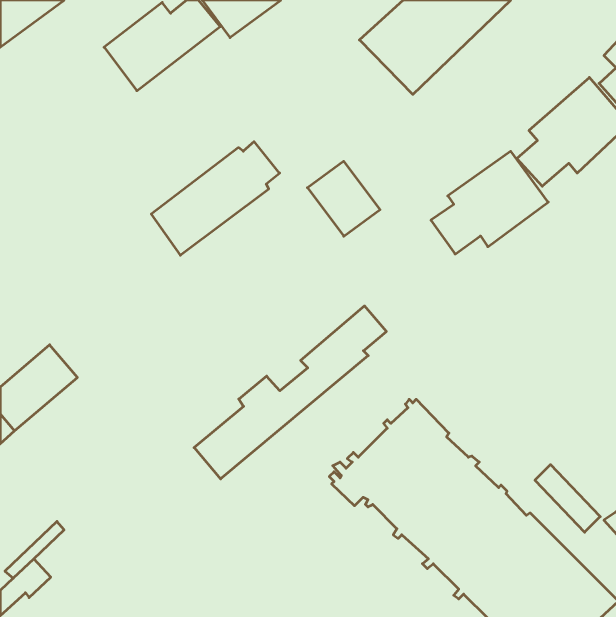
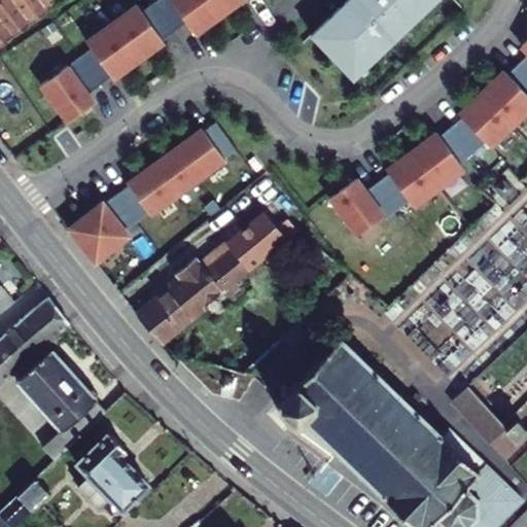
building: none -> [42,45,116,119]
building: [307,161,380,236] -> [327,176,389,240]
building: none -> [69,186,150,266]
building: [194,306,386,479] -> [133,190,296,338]
building: none -> [13,346,103,433]
building: none -> [70,427,143,504]

